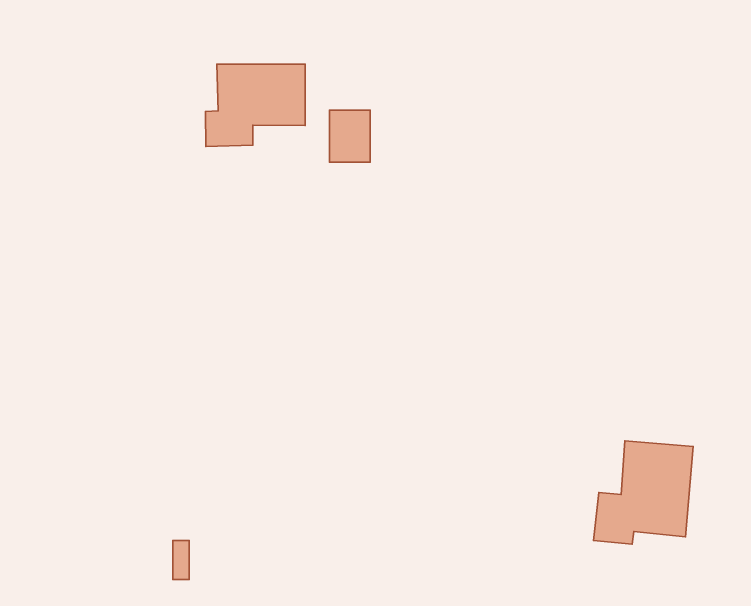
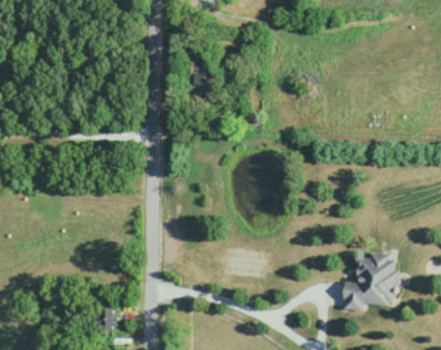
building: [205,64,305,146] -> none

